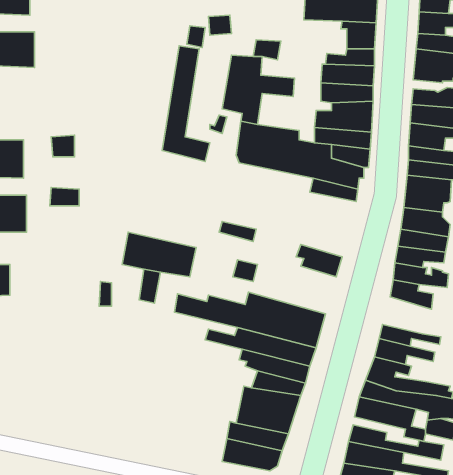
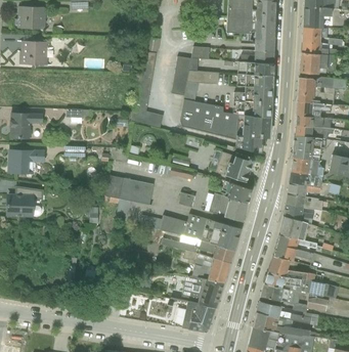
building: none -> [216,151,255,181]
building: none -> [206,192,249,221]
building: none -> [279,216,309,240]

